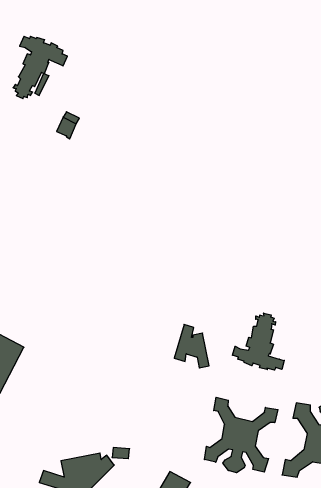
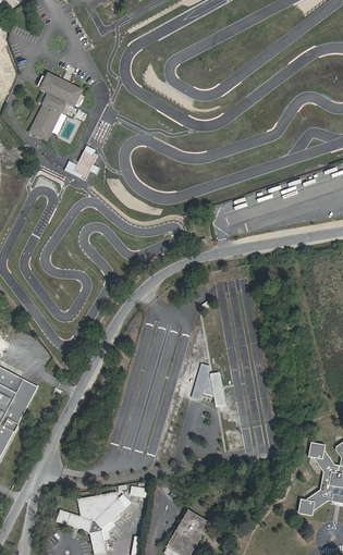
building: [232,313,284,370] -> none
building: [204,397,278,473] -> none

